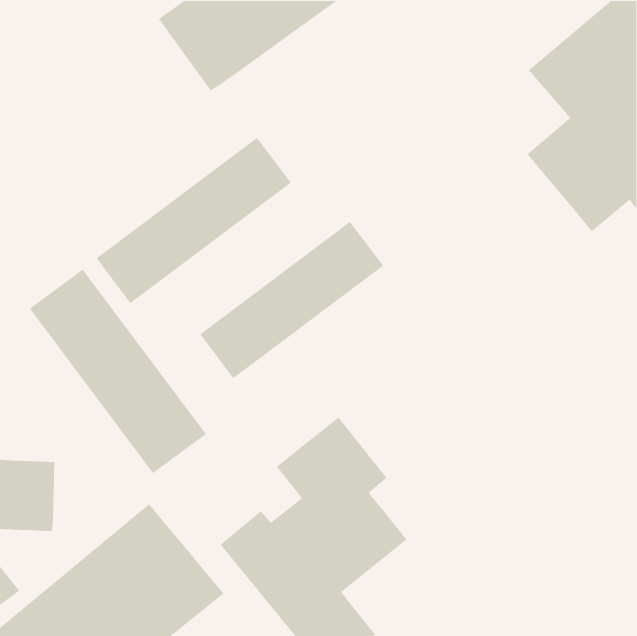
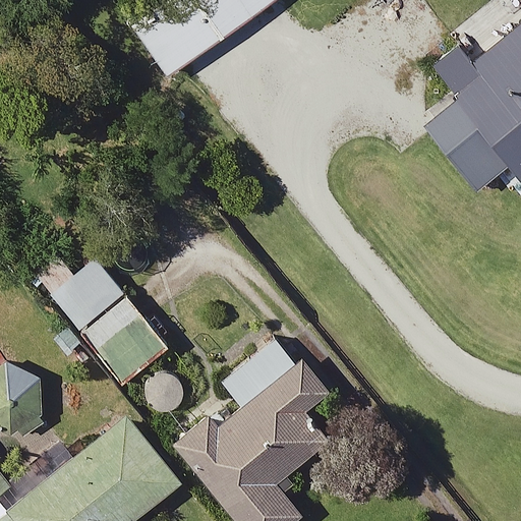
building: [95,137,292,304] -> none
building: [199,221,384,379] -> none

